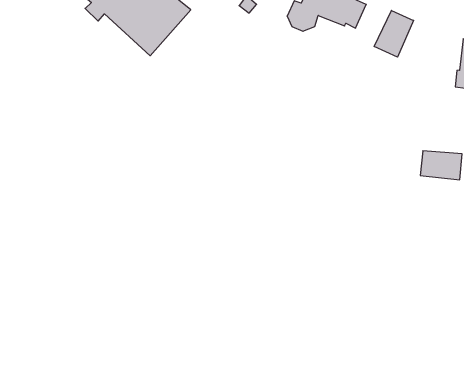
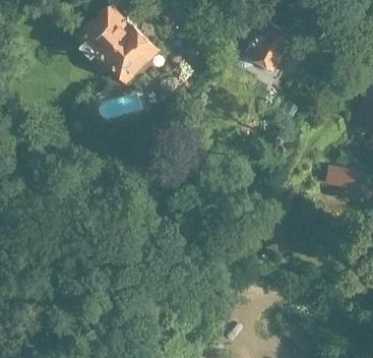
building: [374,10,414,57] -> none

